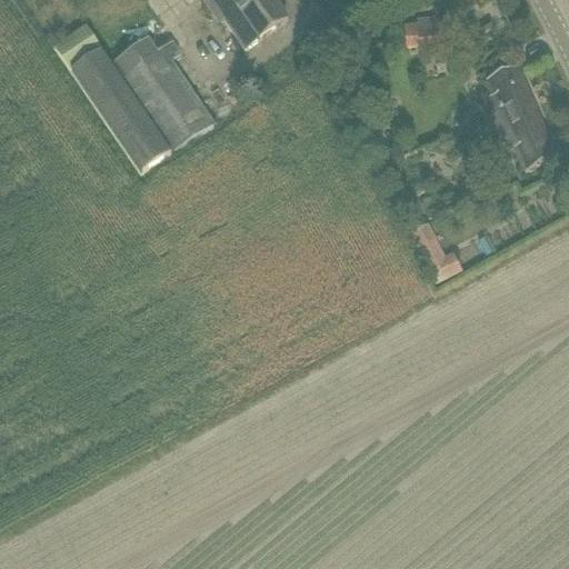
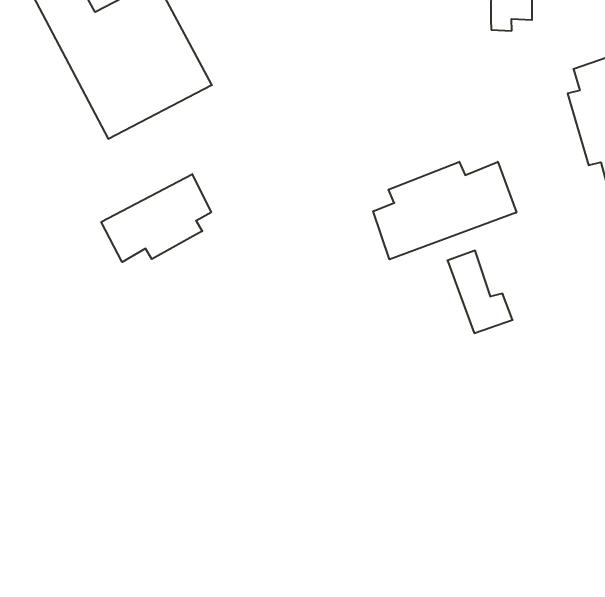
building: none -> [373,162,516,259]
building: none -> [101,174,211,262]

